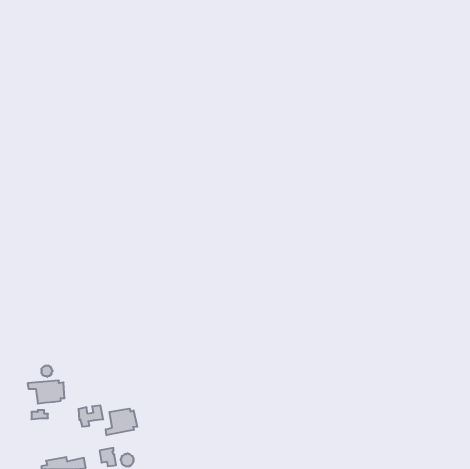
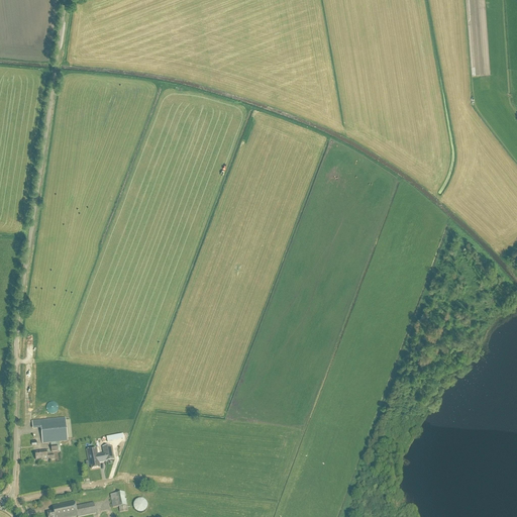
building: [106,409,137,435] -> none

